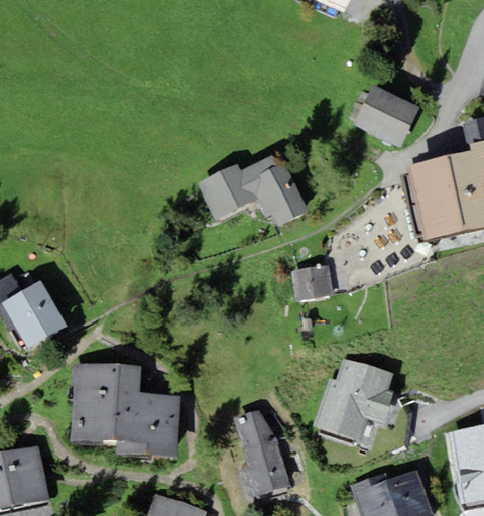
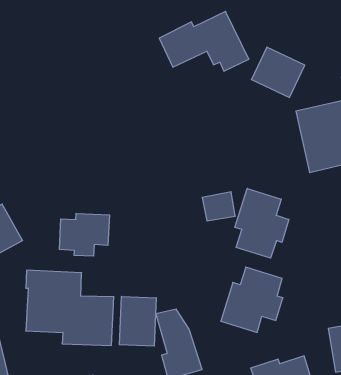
building: [197,150,309,225] -> [159,11,249,71]
building: none -> [235,188,289,258]
building: none -> [59,213,109,256]
building: none -> [119,296,156,346]

